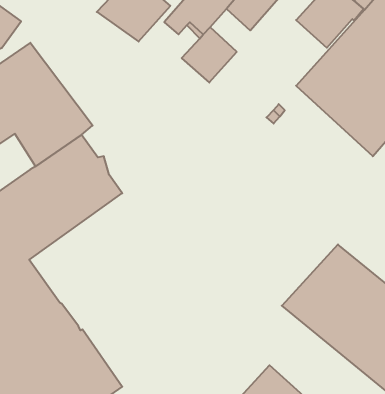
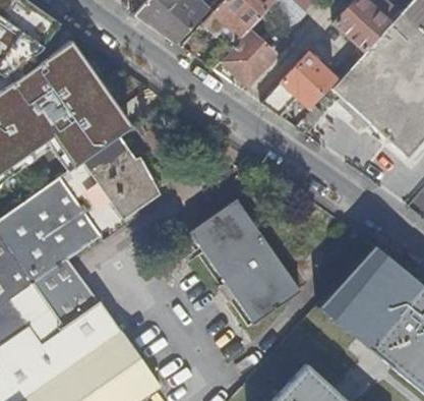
building: none -> [261,52,355,114]
building: none -> [190,199,302,326]

